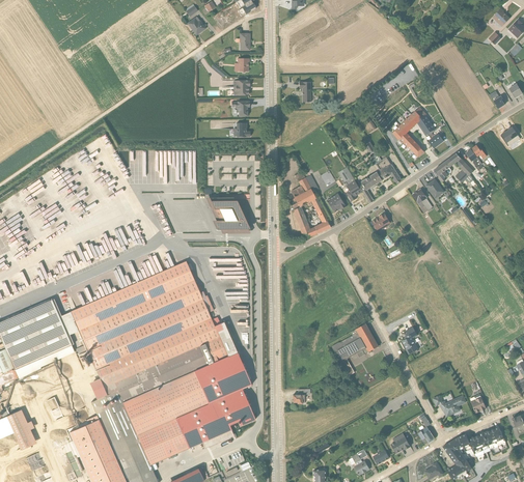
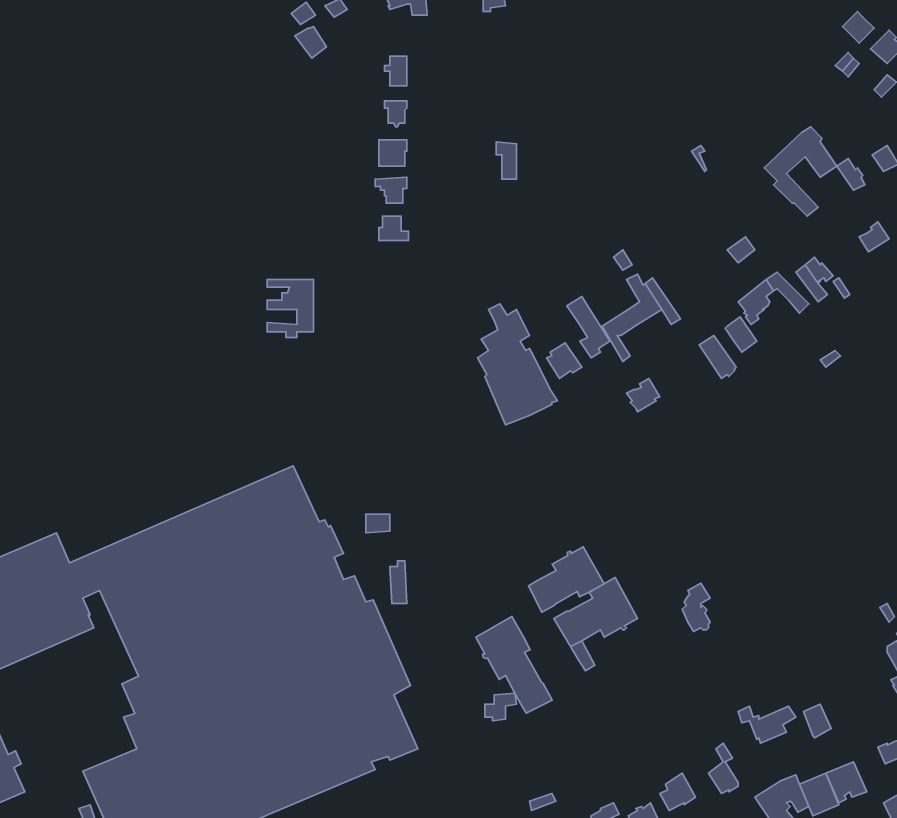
building: [394,107,435,157] -> [764,127,837,216]
building: [205,197,250,232] -> none
building: none -> [529,547,604,612]
building: none -> [476,617,552,713]

